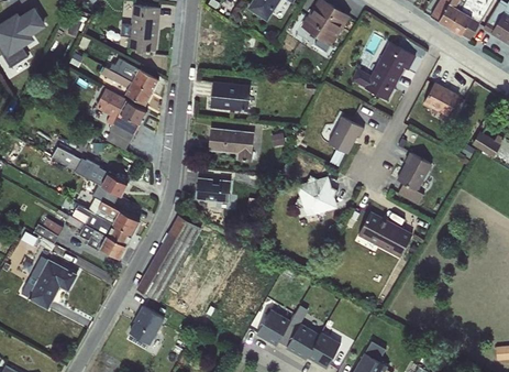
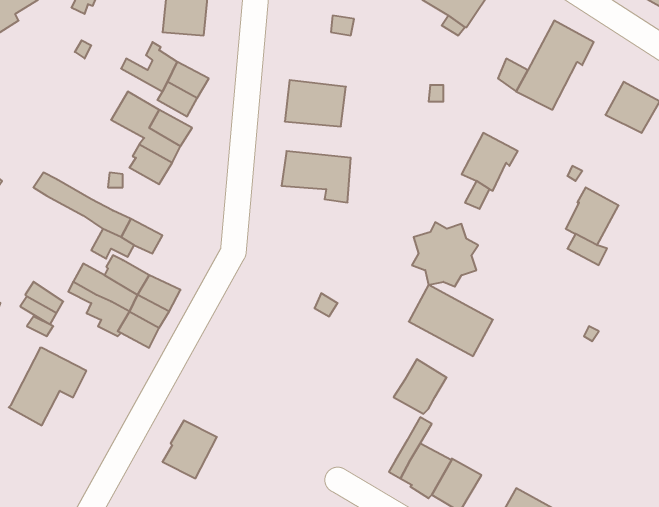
building: [195,177,230,203] -> none
building: [356,210,412,258] -> [409,285,493,356]
building: [135,215,201,302] -> none
building: [255,308,290,344] -> [394,359,447,414]

